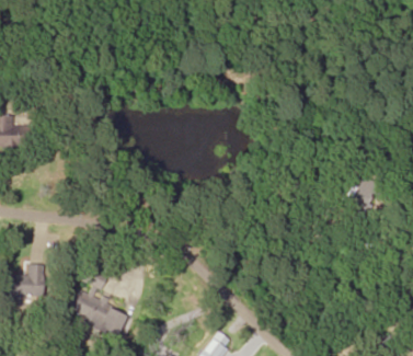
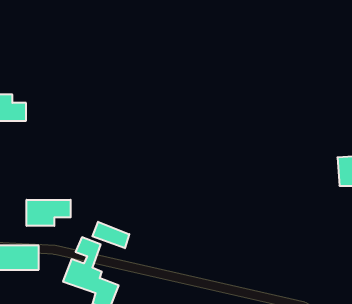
building: none -> [27,200,71,226]
building: none -> [92,222,129,248]

